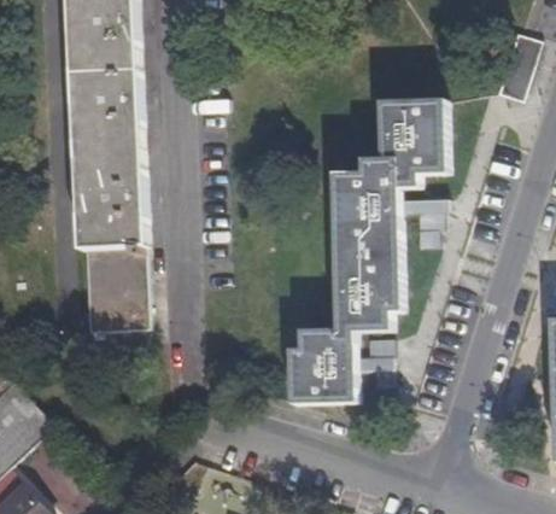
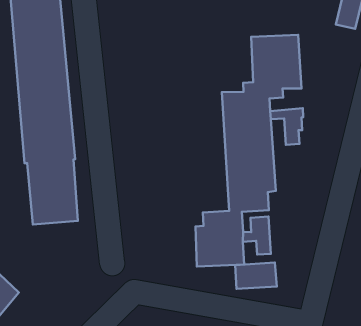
building: none -> [235,262,277,289]

